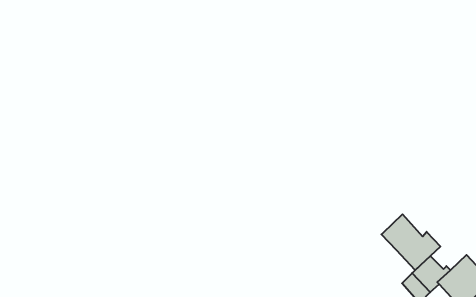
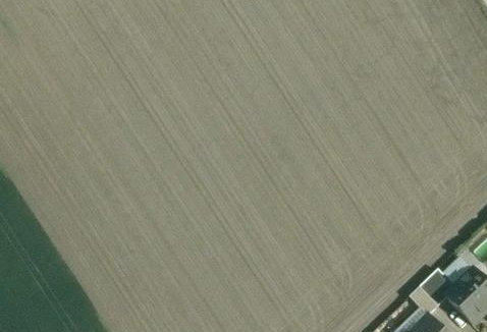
building: [381,214,440,270] -> none

